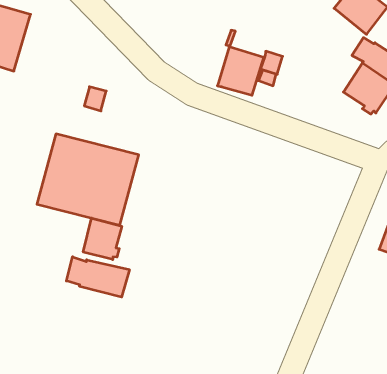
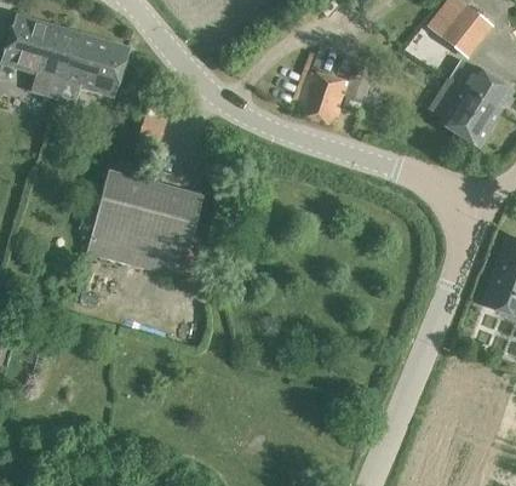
building: none -> [59,33,130,101]
building: [83,218,122,260] -> none
building: [66,257,129,297] -> none

